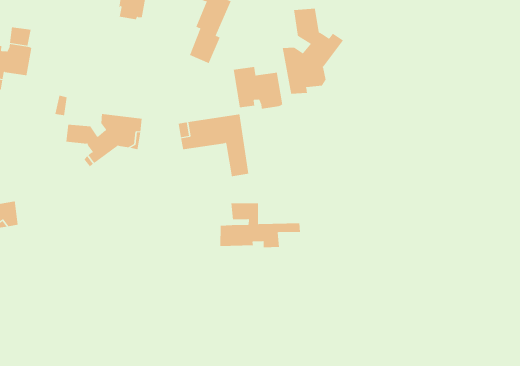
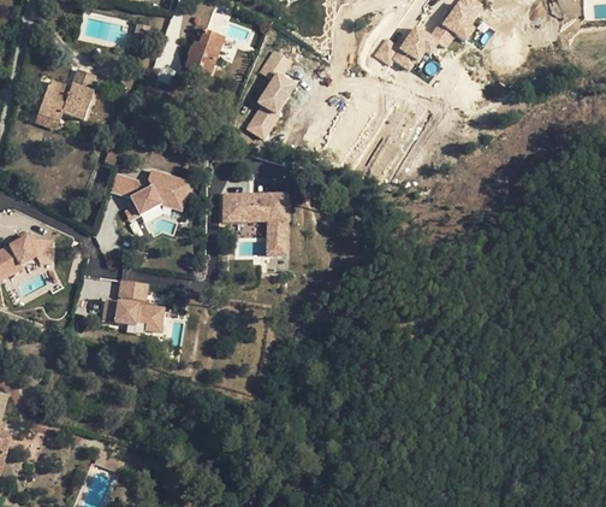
building: [282,8,344,95] -> none
building: [233,66,283,109] -> none
building: [220,203,301,248] -> [102,279,185,331]

